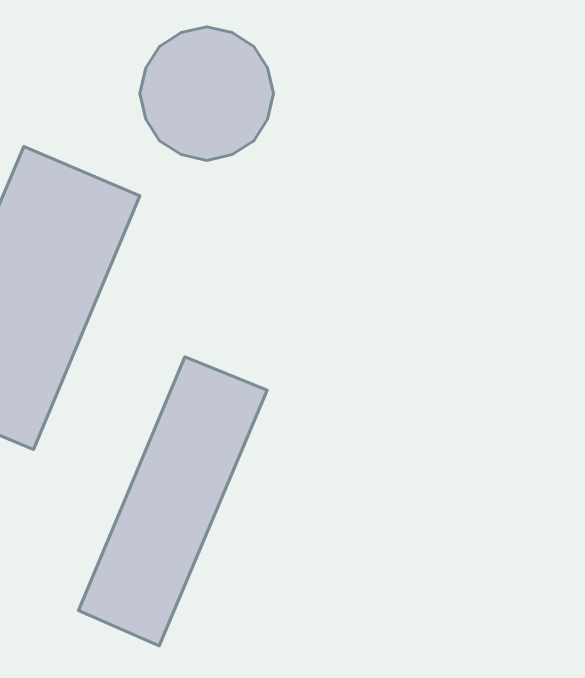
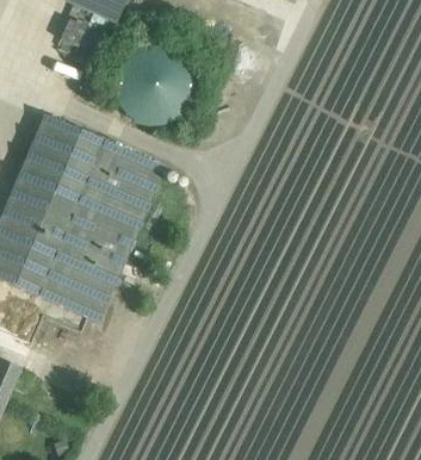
building: [79,357,267,646] -> [49,145,163,321]

